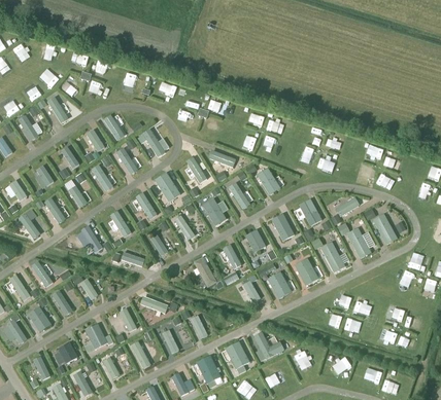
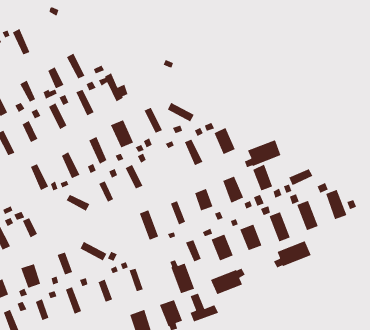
building: none -> [244,139,282,168]
building: [201,197,228,225] -> none
building: none -> [273,240,312,268]
building: none -> [210,268,246,295]
building: none -> [169,259,195,294]

